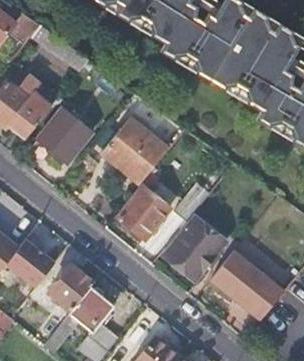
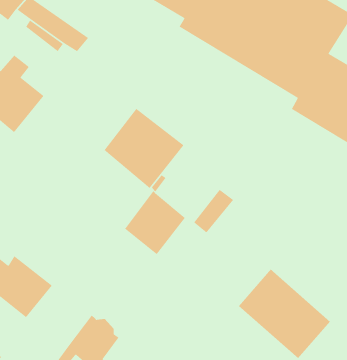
building: [34,107,89,160] -> none
building: [165,216,224,277] -> none
building: [49,268,93,312] -> none

